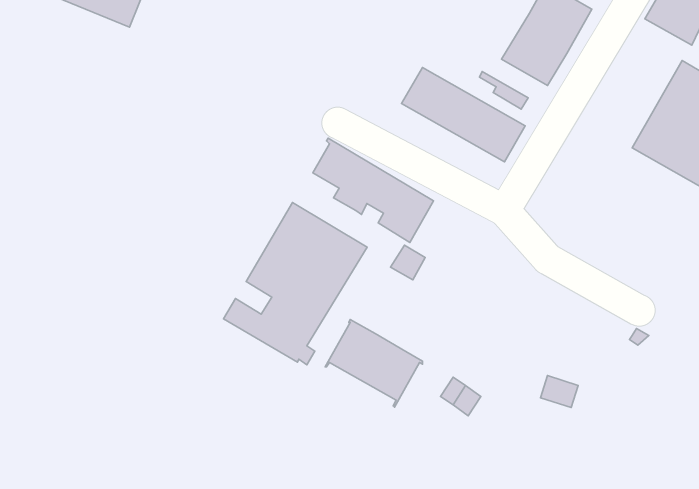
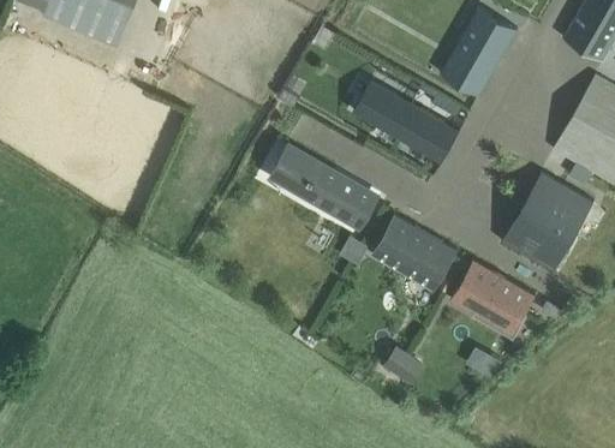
building: none -> [501,173,593,274]
building: [223,203,367,365] -> none
building: none -> [449,261,535,330]
building: [325,320,422,407] -> [372,215,456,291]

